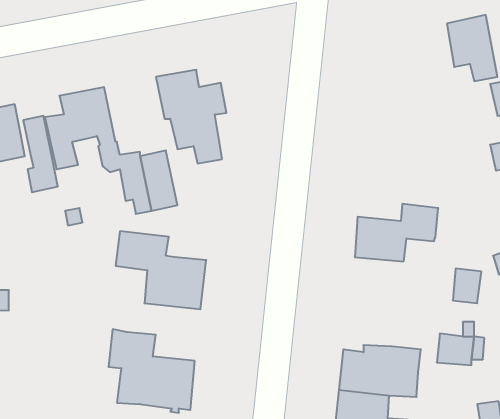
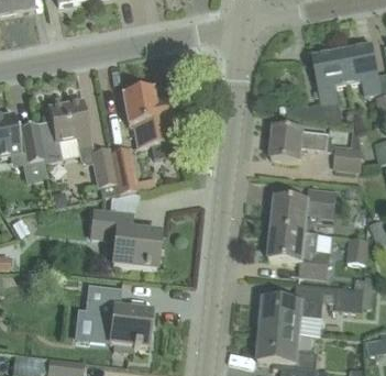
building: none -> [309,51,349,121]
building: none -> [272,124,363,170]
building: none -> [269,229,330,278]

